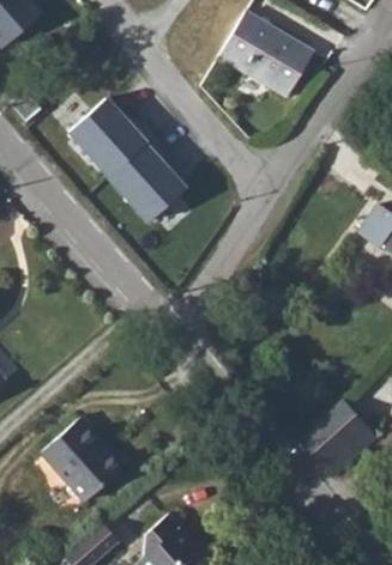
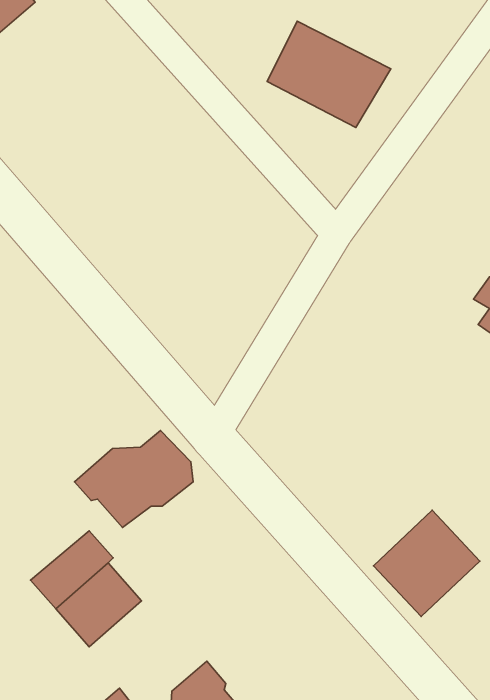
building: [68,90,186,218] -> none
building: none -> [74,430,193,527]

